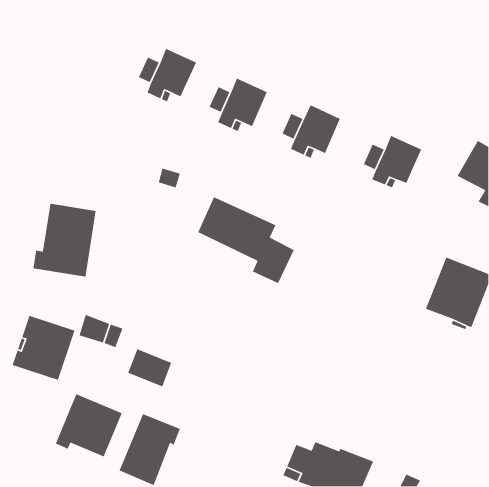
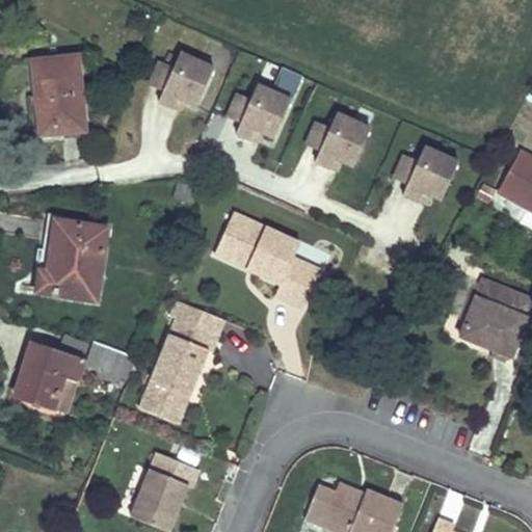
building: none -> [32,56,83,134]
building: none -> [149,316,217,394]
building: [55,393,123,457] -> none

